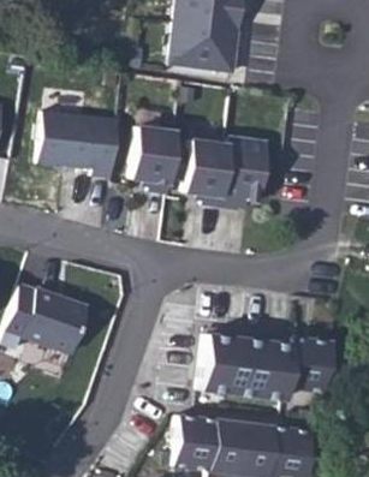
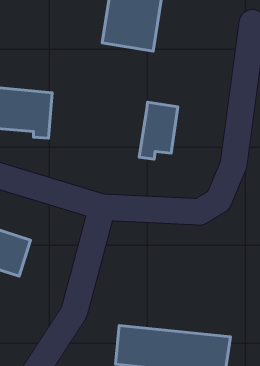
building: [120,119,167,186] -> none
building: [175,135,221,202] -> none
building: [208,334,340,399] -> none

